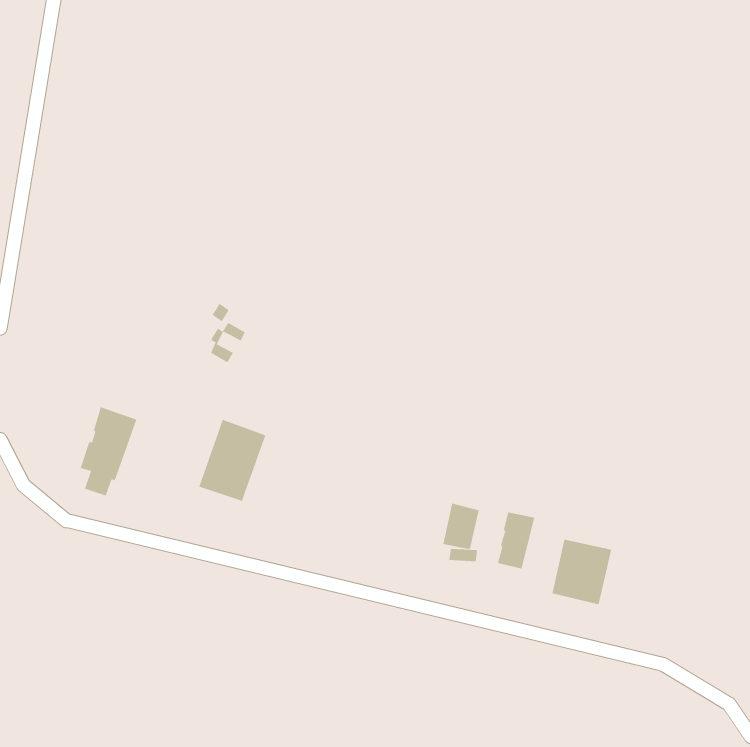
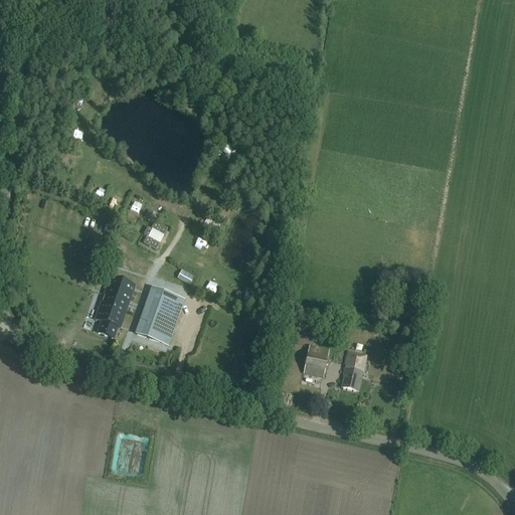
building: [80,406,137,496] -> [96,276,135,337]
building: [552,539,612,605] -> none

